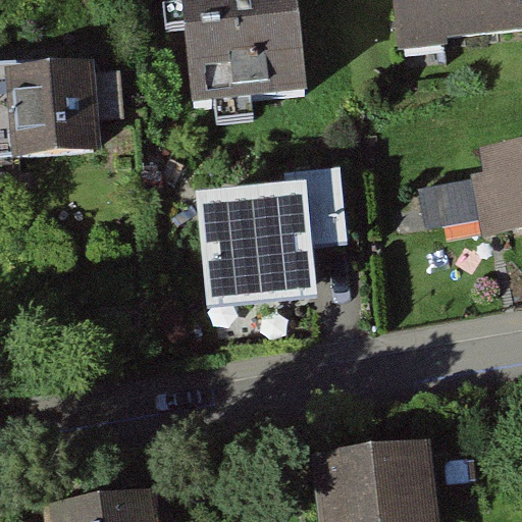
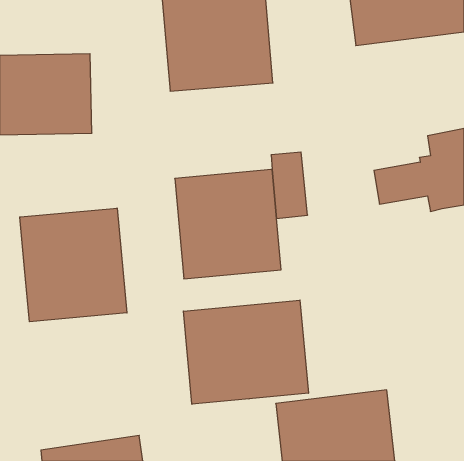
building: none -> [20,208,127,322]
building: none -> [183,300,308,404]

